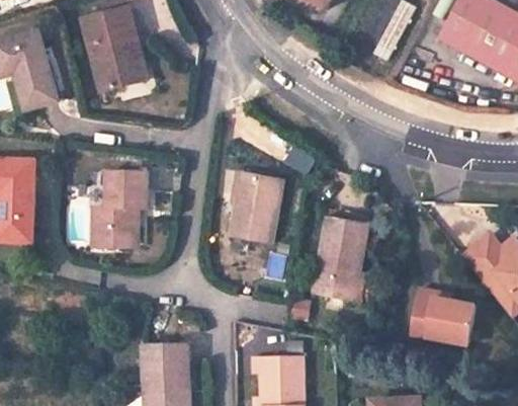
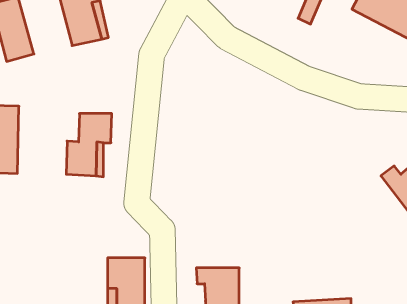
building: [229,173,283,244] -> none
building: [315,216,372,301] -> none
building: [413,288,476,345] -> none

